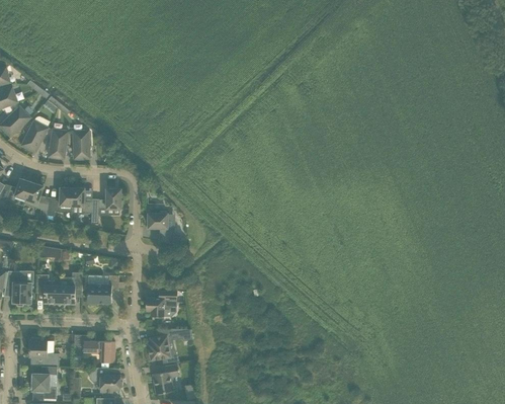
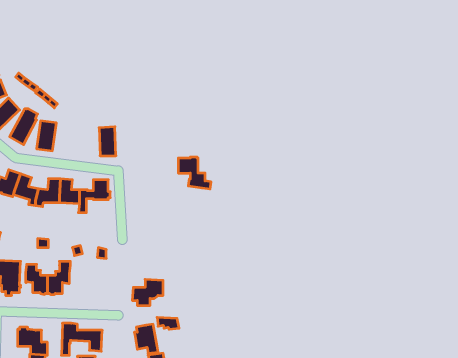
building: [72,130,89,159] -> [99,127,116,156]
building: [147,212,180,244] -> [178,157,211,189]
building: [86,275,118,305] -> none

